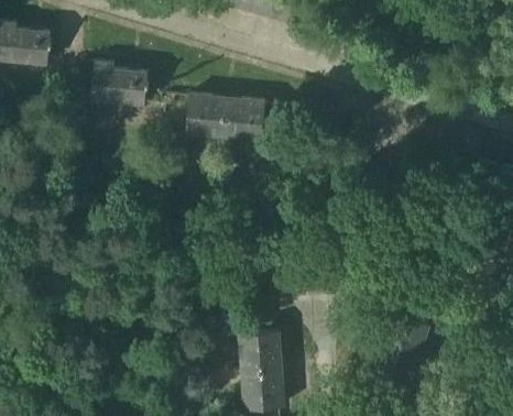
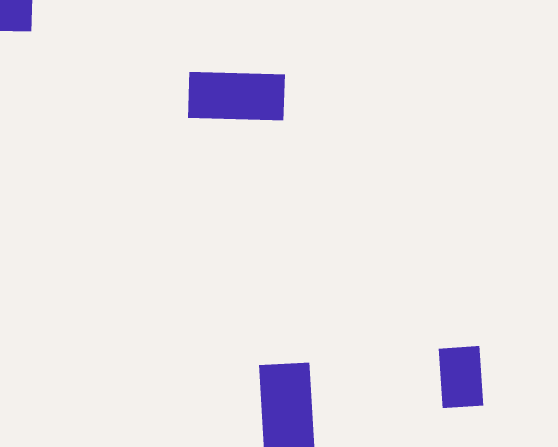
building: [87,64,155,109] -> none

